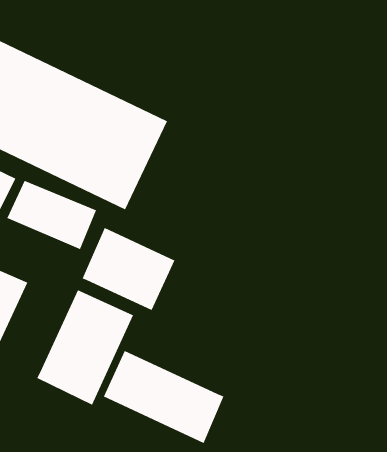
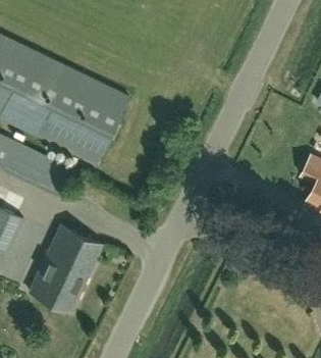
building: [82,227,175,311] -> none
building: [103,350,224,444] -> none

